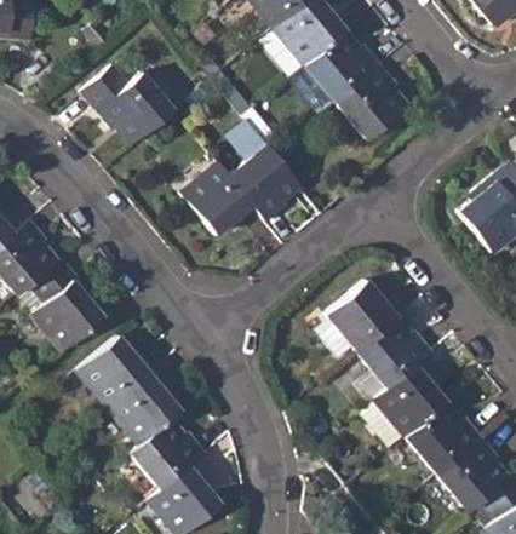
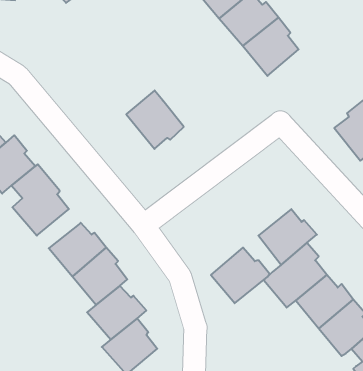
building: [81,63,174,143] -> none
building: [224,116,300,222] -> none
building: [323,279,401,352] -> [211,248,269,303]

